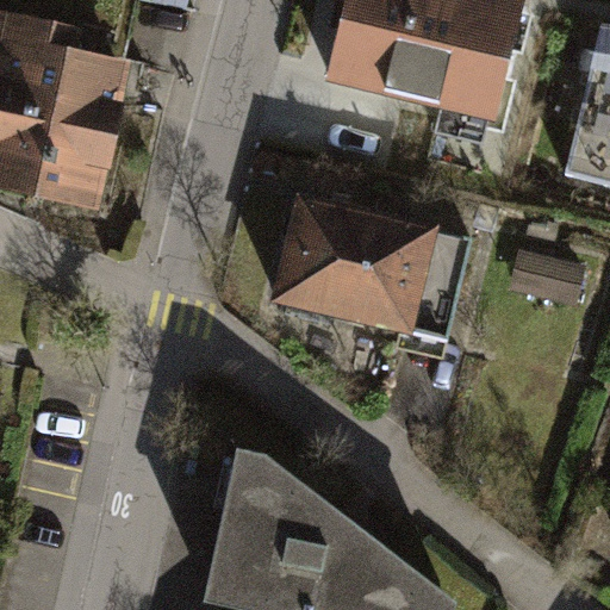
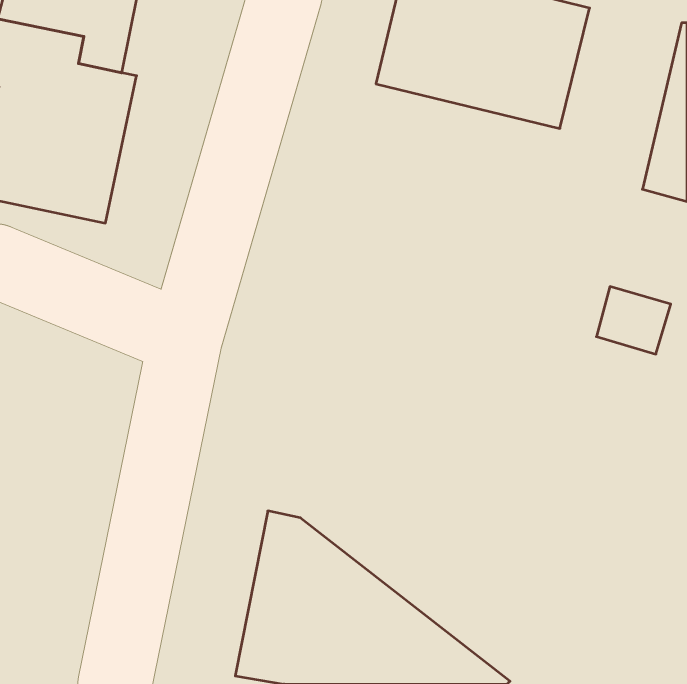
building: [285,211,454,351] -> none

